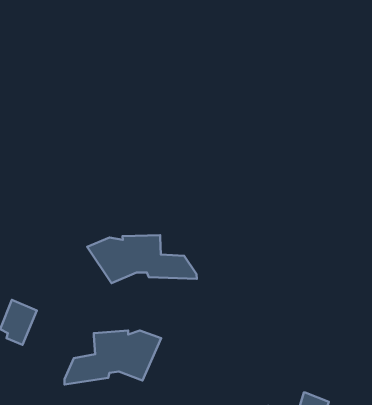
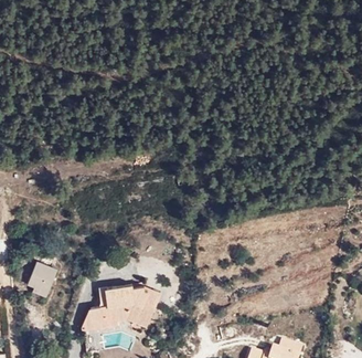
building: [87,235,197,283] -> none

